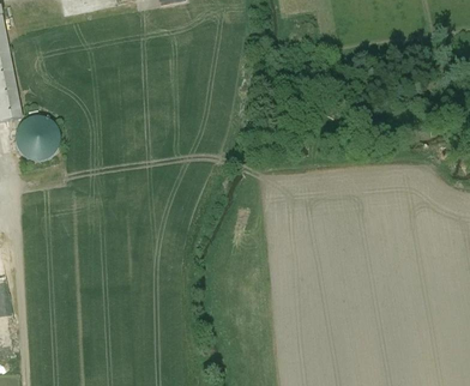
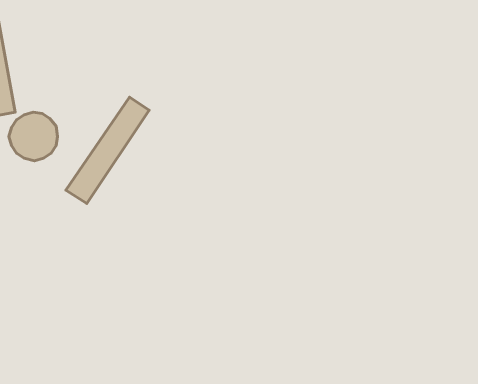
building: none -> [66,97,149,204]

